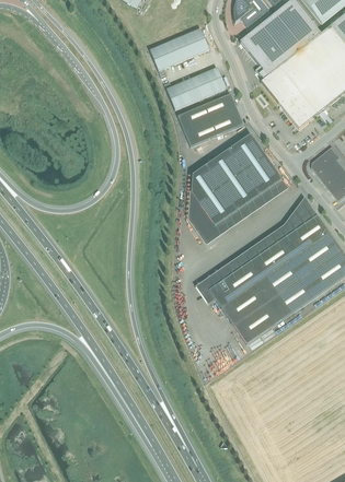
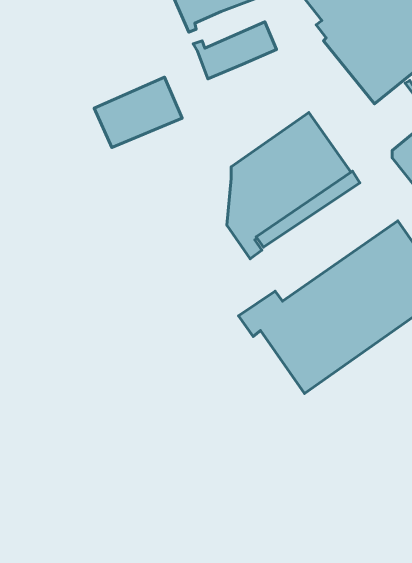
building: [177,93,243,145] -> [94,77,182,148]
building: [196,196,317,286] -> none

